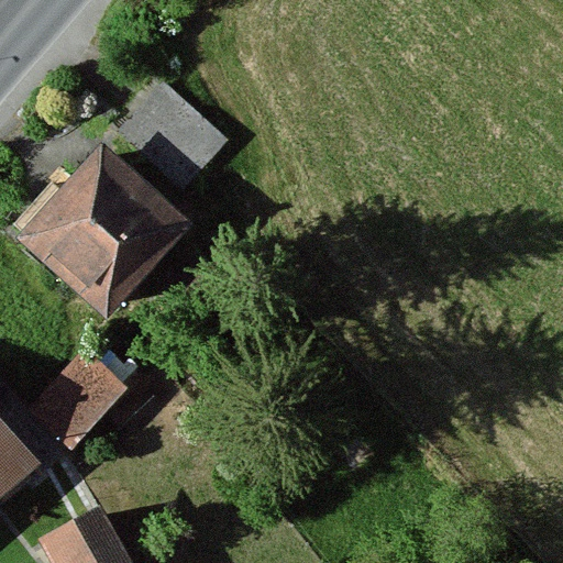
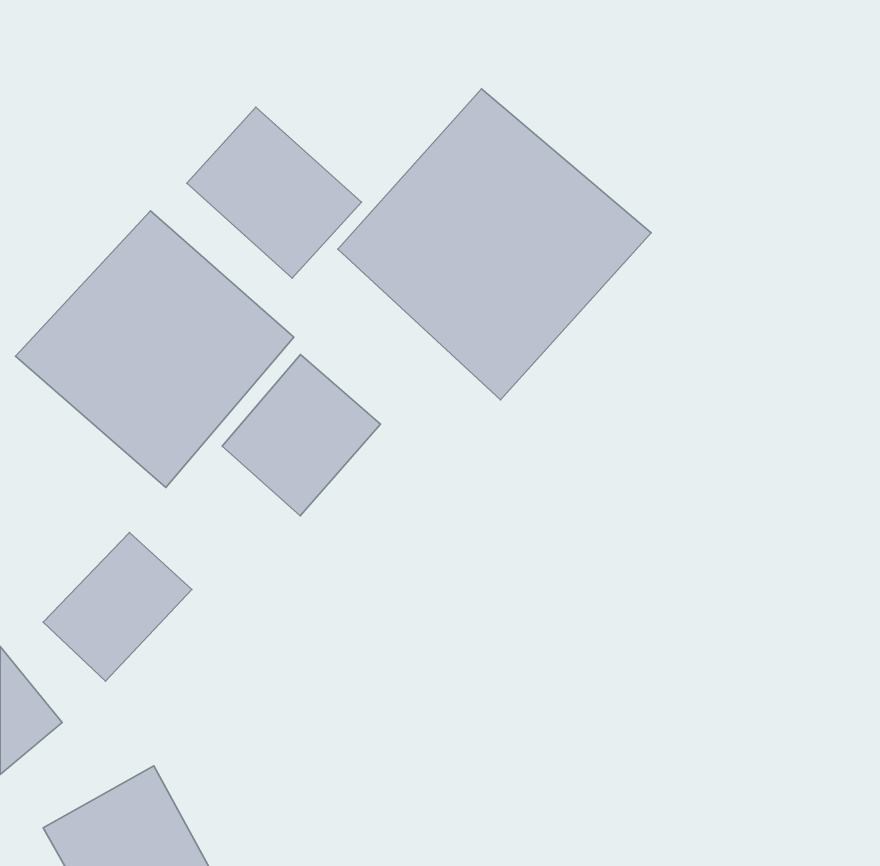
building: none -> [338,89,651,400]
building: none -> [222,354,381,516]

